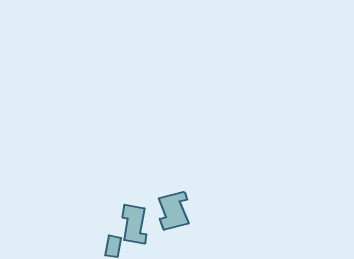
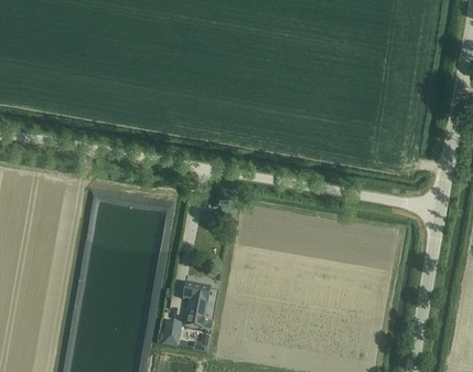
building: [159,192,189,230] -> none

